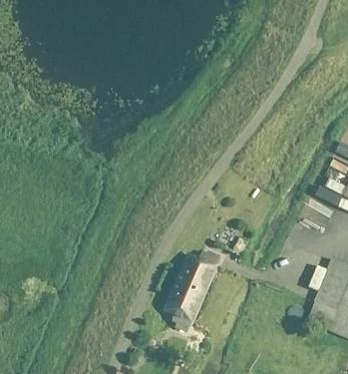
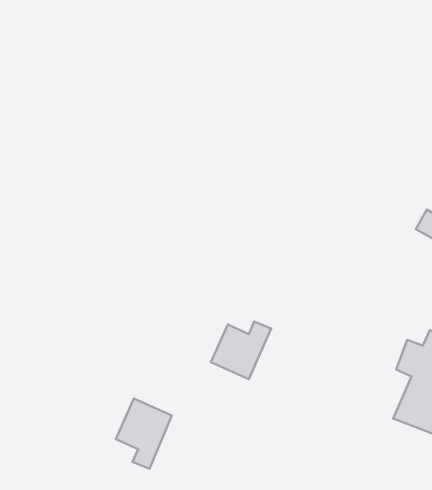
building: [163,281,204,331] -> [116,399,172,469]

